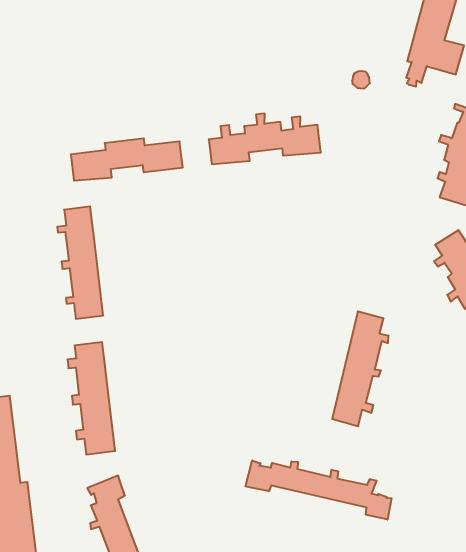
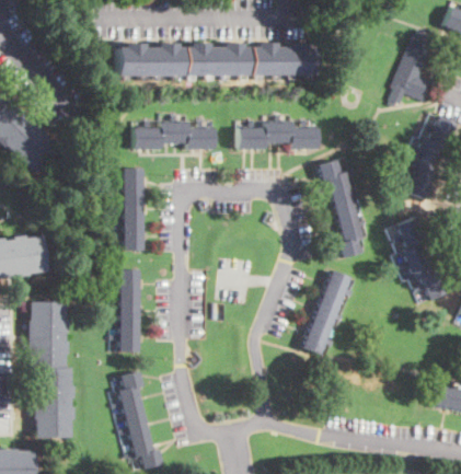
building: none -> [117,43,321,76]
building: none -> [319,161,368,258]
building: [245,460,392,520] -> none

